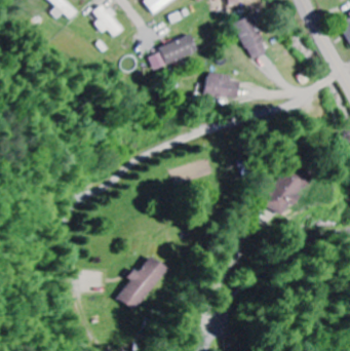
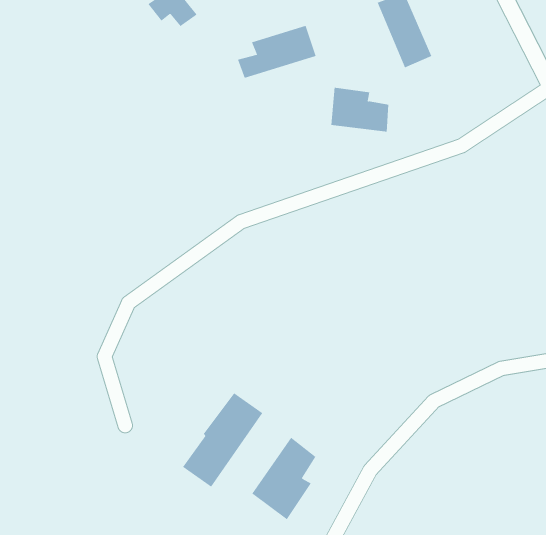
building: [260,166,302,215] -> none
building: none -> [251,437,316,520]

